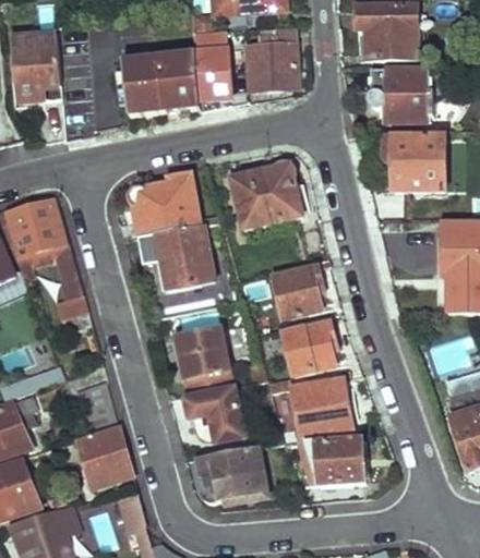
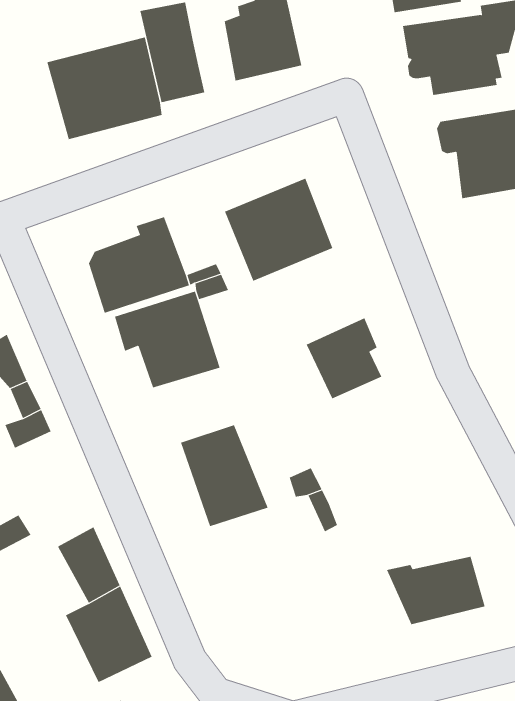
building: [283,320,333,374] -> none
building: [290,379,351,437] -> none
building: [181,387,240,439] -> none
building: [195,445,264,495] -> none

